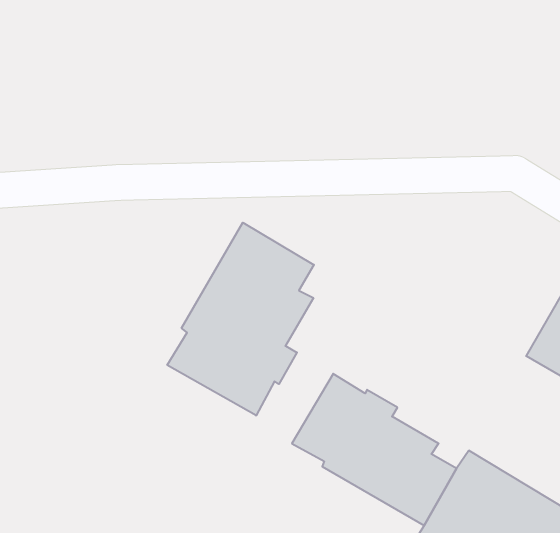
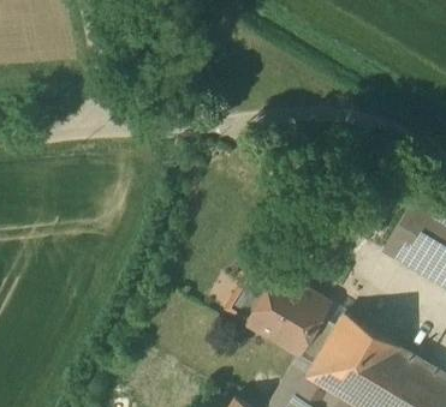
building: [167,223,314,416] -> none

